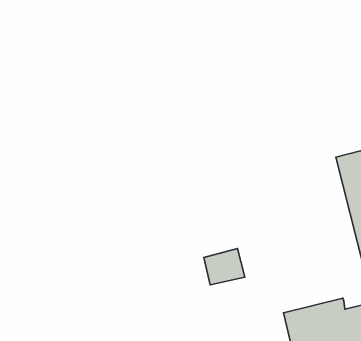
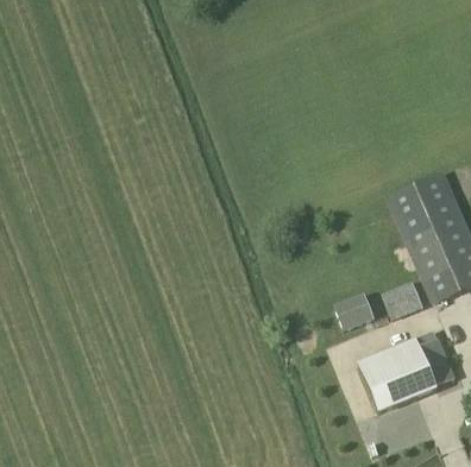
building: none -> [378,278,422,317]
building: [204,248,245,285] -> [328,290,372,330]

